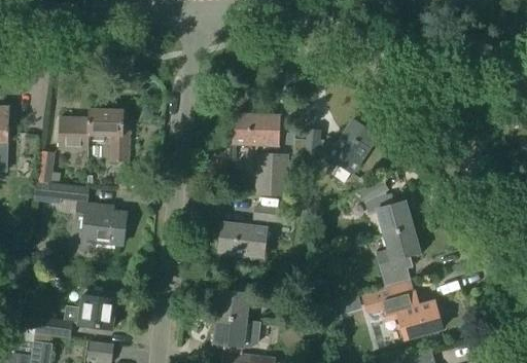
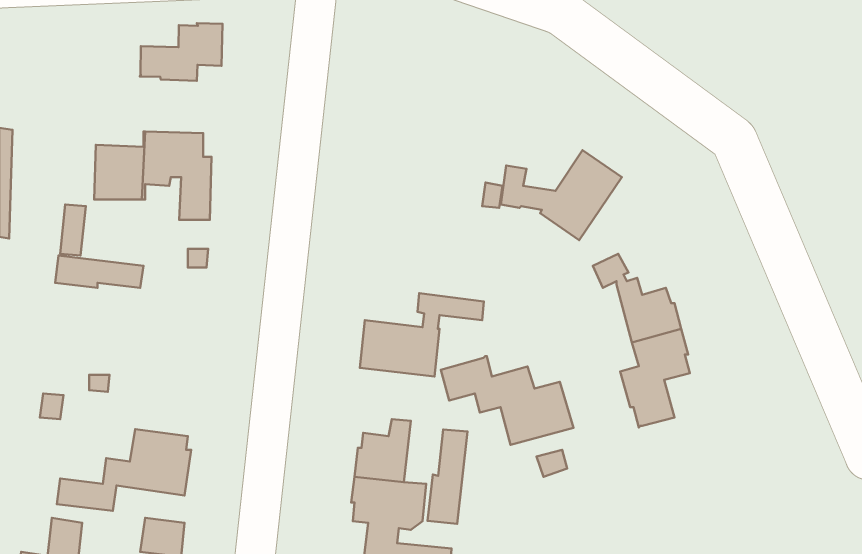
building: none -> [140,23,223,81]
building: [234,113,288,194] -> none
building: [74,203,127,244] -> none
building: [362,285,443,338] -> [441,356,574,445]
building: none -> [428,430,468,524]

